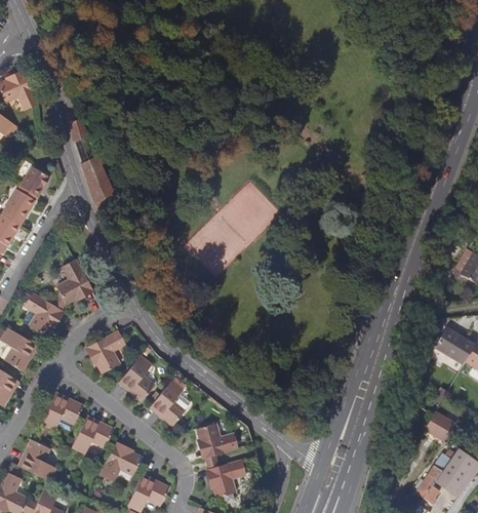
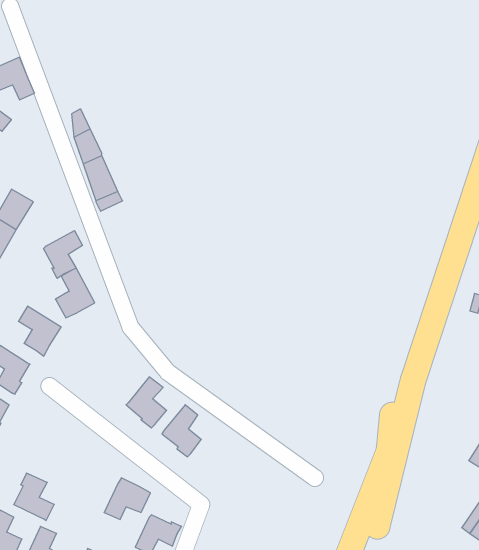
building: [23,166,52,197] -> none
building: none -> [44,231,82,278]
building: [89,331,125,373] -> none
building: [42,395,83,431] -> none
building: [72,418,114,455] -> none
building: [197,425,238,458] -> none
building: [208,461,246,499] -> none

